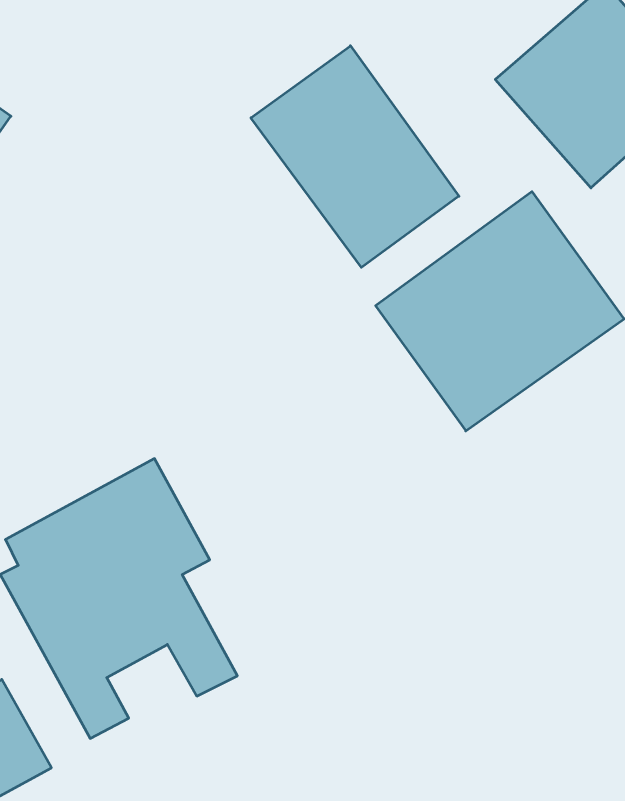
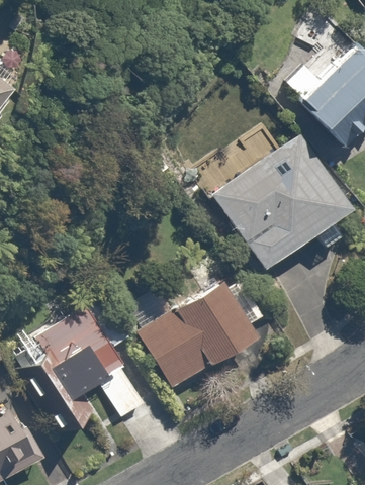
building: [251,46,459,267] -> none
building: none -> [123,283,261,392]

